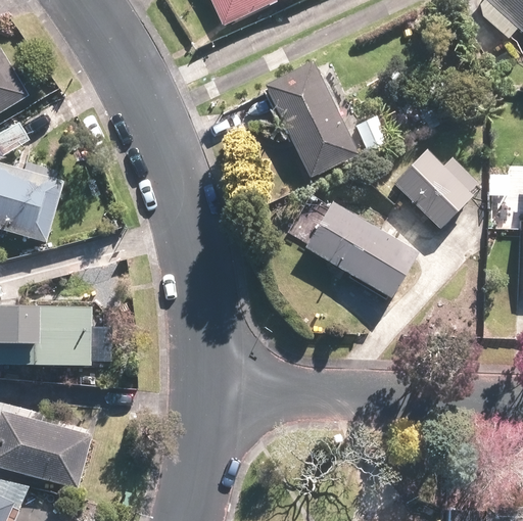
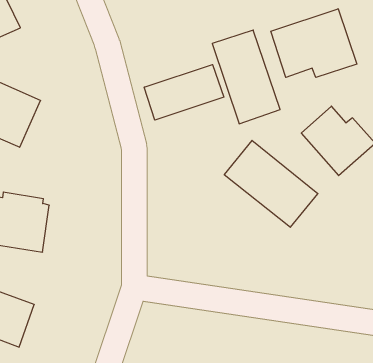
building: none -> [271,9,357,77]
building: none -> [144,65,224,120]

